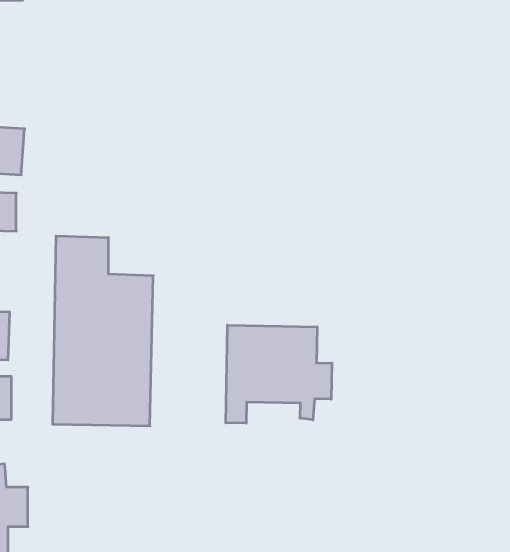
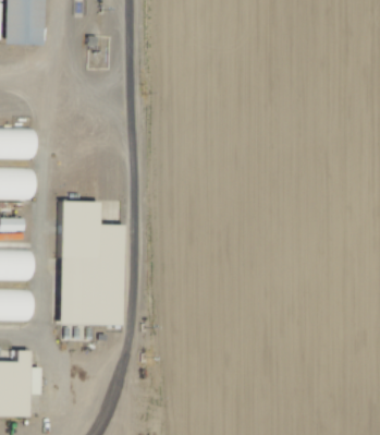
building: [226,325,332,423] -> none

